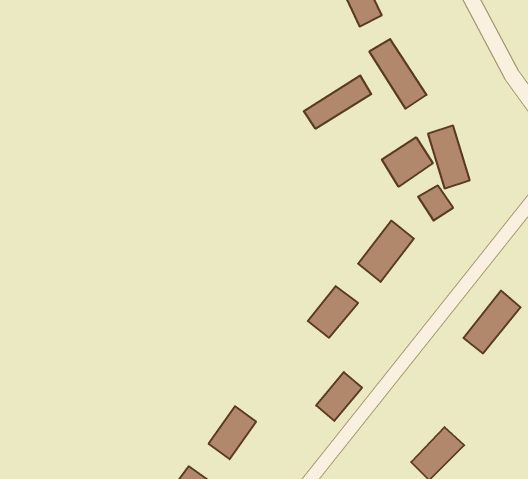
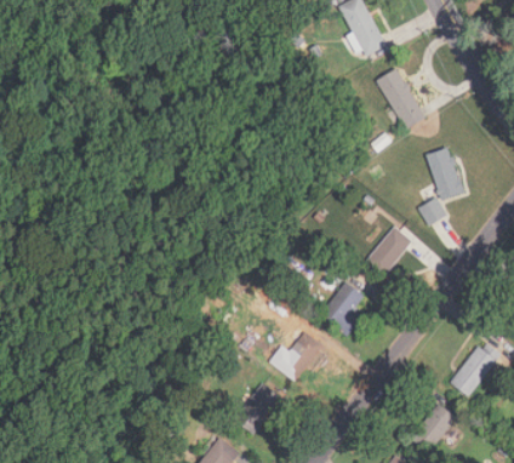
building: [304,75,371,129] -> none
building: [382,137,433,187] -> none
building: [463,291,521,353] -> [451,341,501,395]
building: [316,372,362,421] -> [281,333,321,376]

